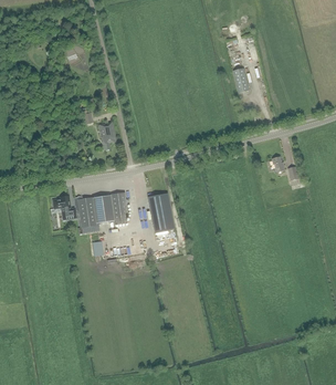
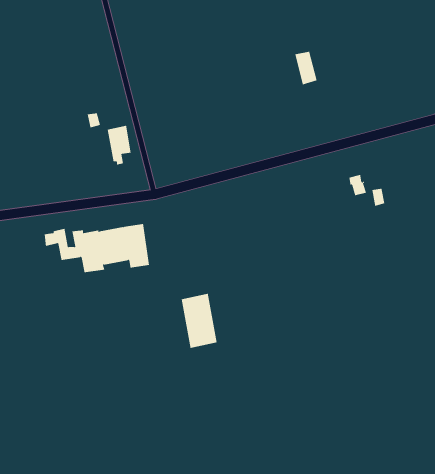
building: [148,192,175,232] -> [181,293,218,349]

